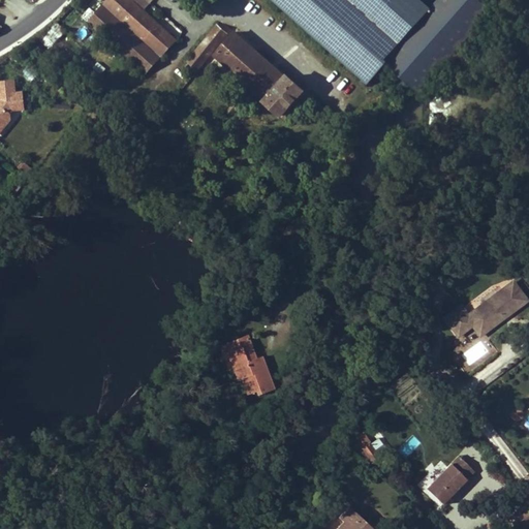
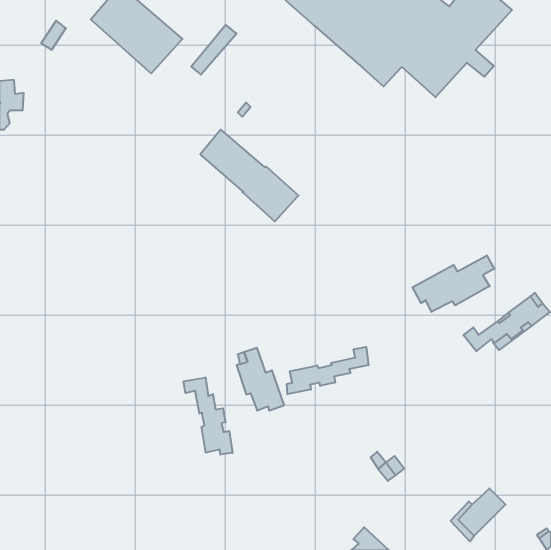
building: [214,30,308,118] -> [200,130,299,221]
building: none -> [413,255,494,312]
building: none -> [287,347,369,394]
building: none -> [184,377,233,455]

